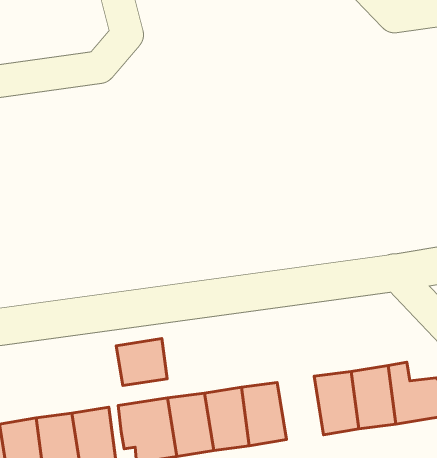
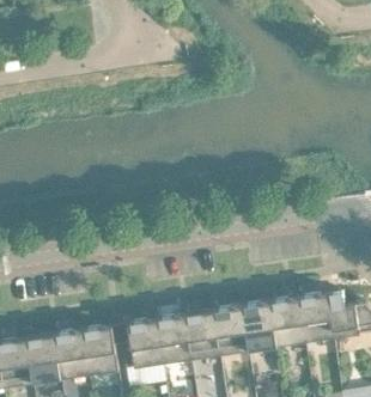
building: [116,339,167,385] -> none
building: none -> [242,301,278,350]

